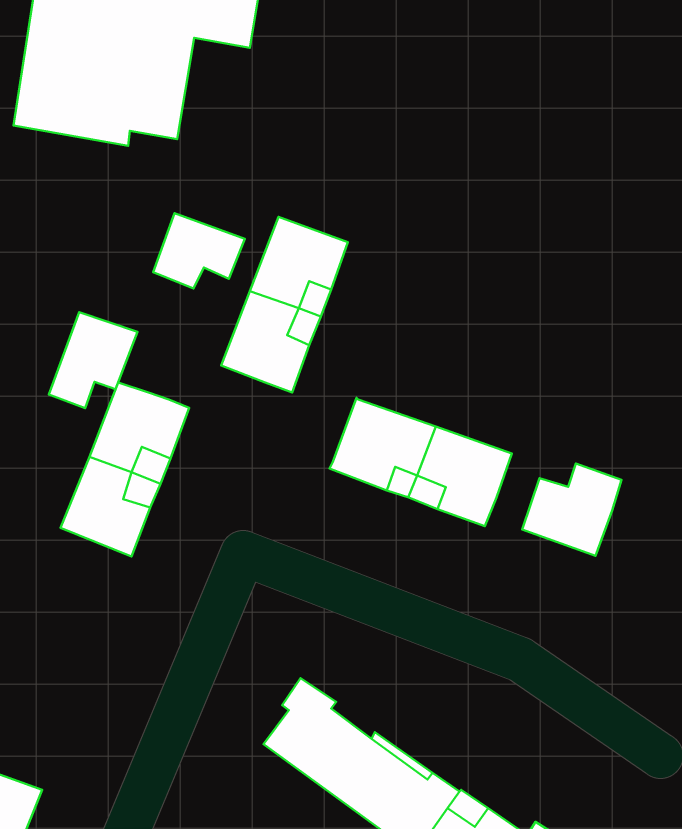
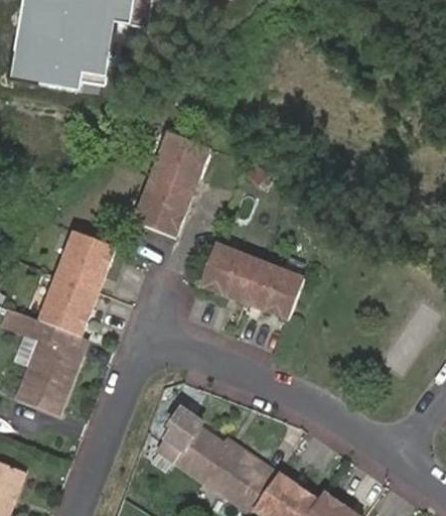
building: [153,213,245,289] -> none
building: [49,312,137,408] -> none
building: [522,464,622,556] -> none
building: none -> [12,311,89,413]

